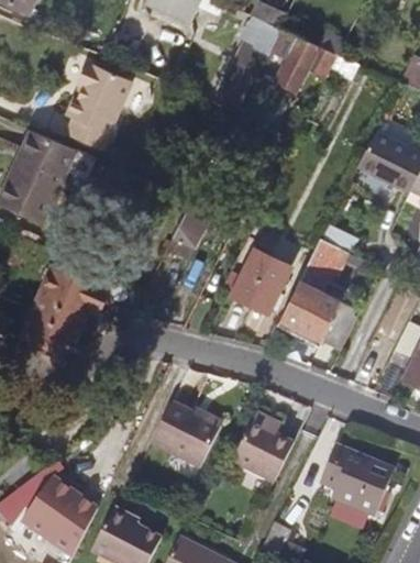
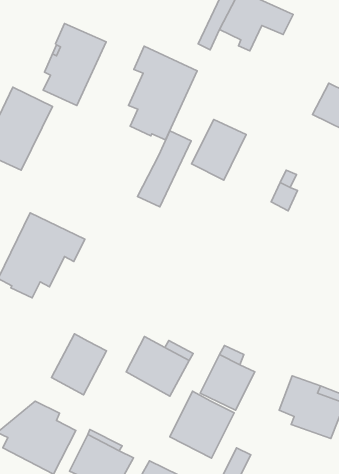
building: none -> [129,46,197,140]
building: [232,247,291,313] -> [192,119,246,180]
building: [281,283,342,339] -> none
building: none -> [52,334,106,395]
building: none -> [170,391,234,458]

